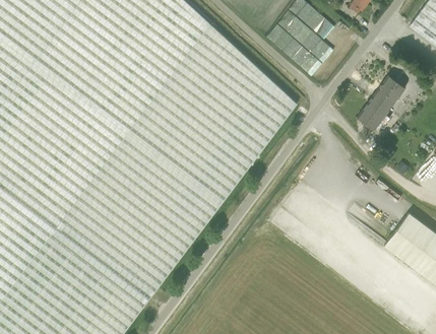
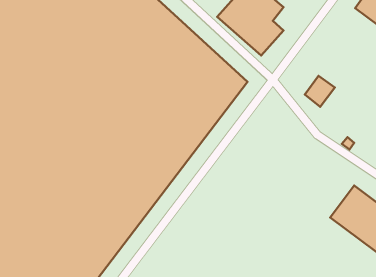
building: [372,75,407,111] -> none

